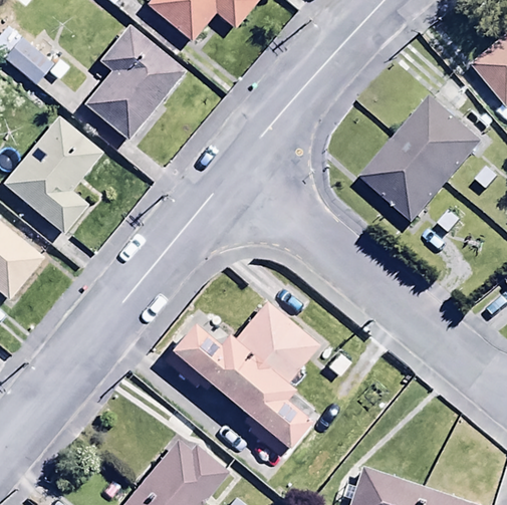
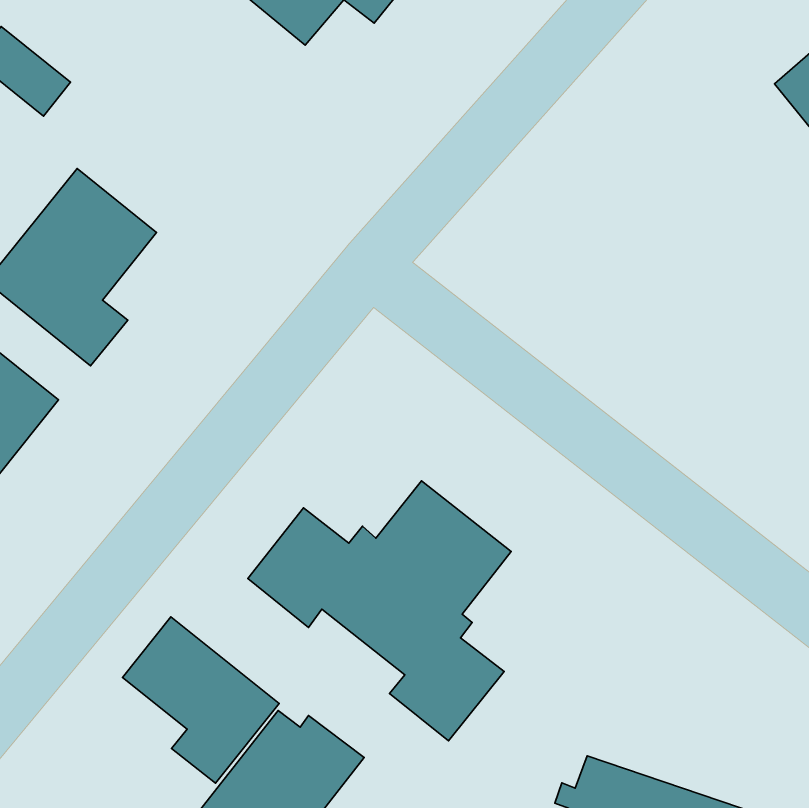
building: [85,24,185,141] -> none
building: [362,82,484,221] -> none
building: none -> [123,617,279,783]

